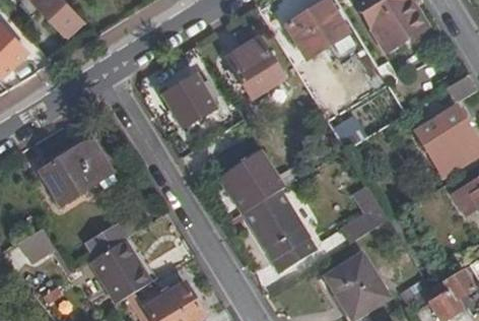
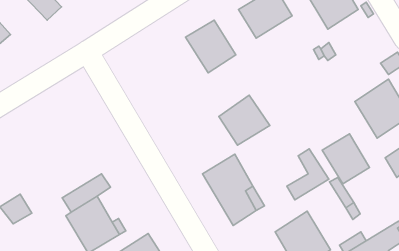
building: [164,76,214,127] -> none
building: [39,138,110,203] -> none
building: [224,155,282,212] -> [219,95,270,145]
building: none -> [322,134,369,184]

